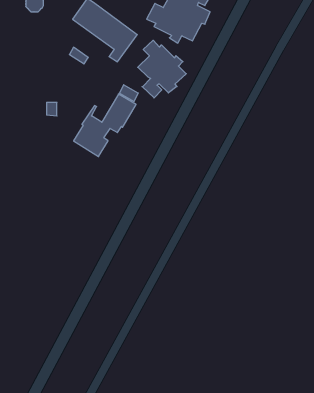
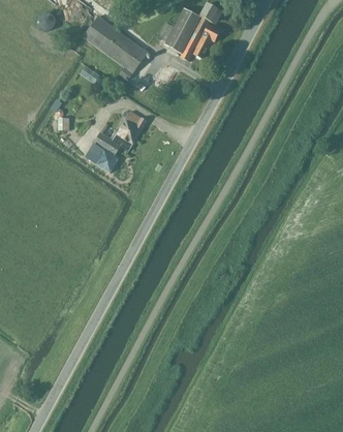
building: [138,40,186,98] -> none

